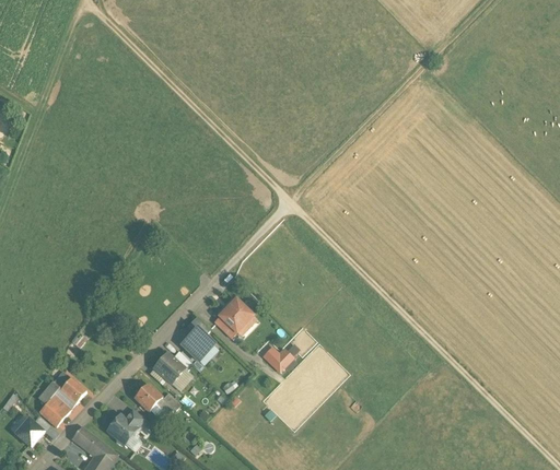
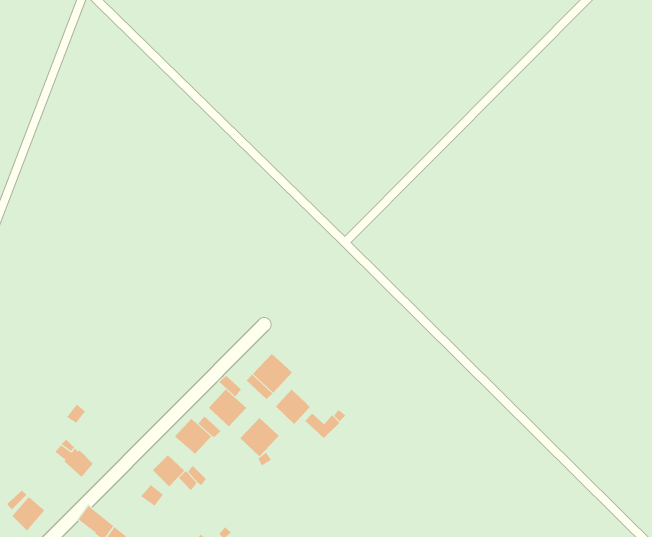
building: none -> [275,389,310,425]
building: none -> [240,417,279,457]
building: [36,381,75,426] -> none
building: [107,414,137,443] -> none

